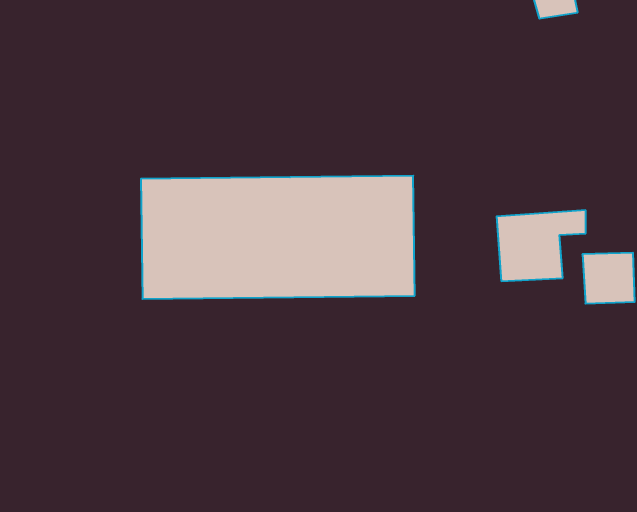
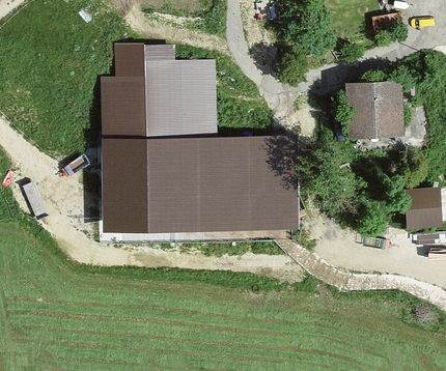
building: none -> [103,52,204,144]
building: [497,210,586,281] -> [349,87,409,135]

